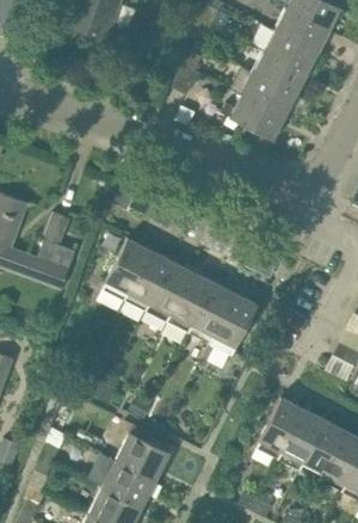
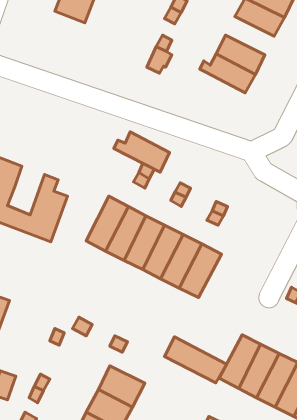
building: [263,30,319,74] -> none
building: [221,94,285,141] -> [114,132,170,172]
building: none -> [165,337,227,383]

